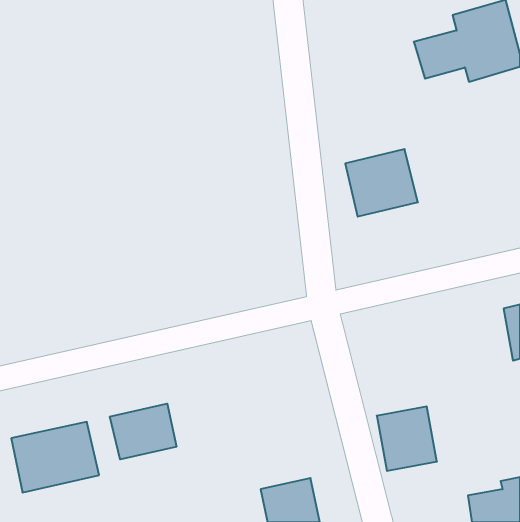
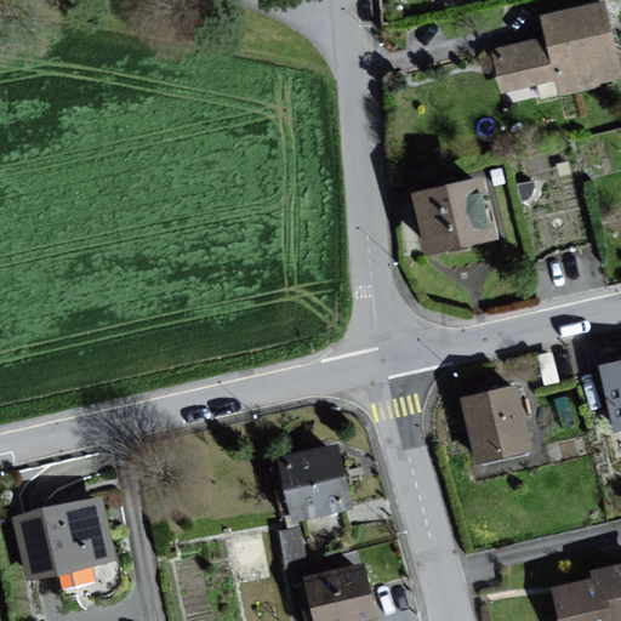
building: none -> [278,441,355,523]
building: [110,404,176,459] -> none
building: [377,406,437,471] -> [462,388,534,465]

